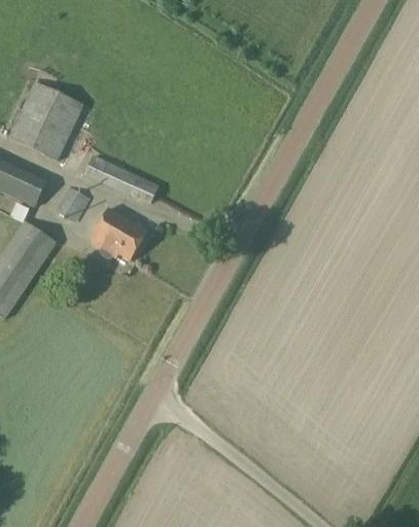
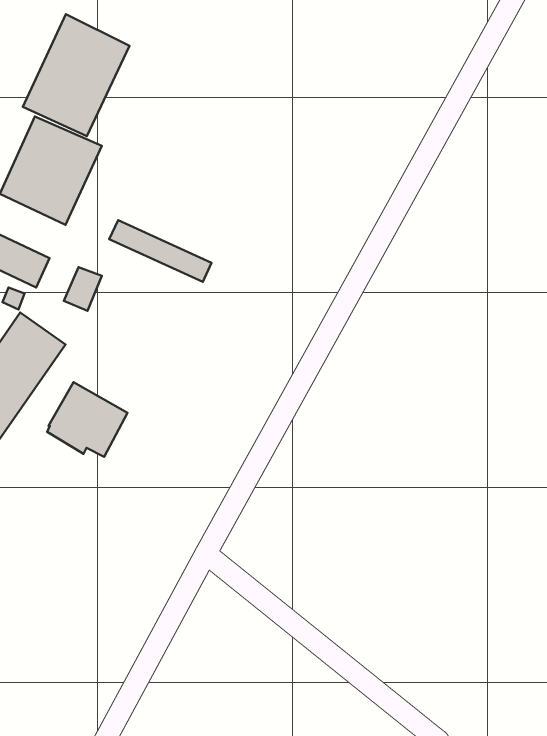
building: none -> [23,14,129,136]
building: [90,207,146,259] -> [47,382,127,457]

